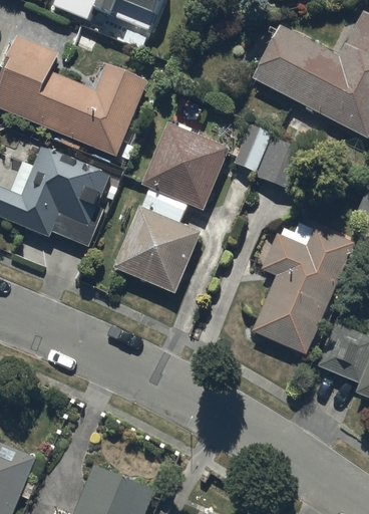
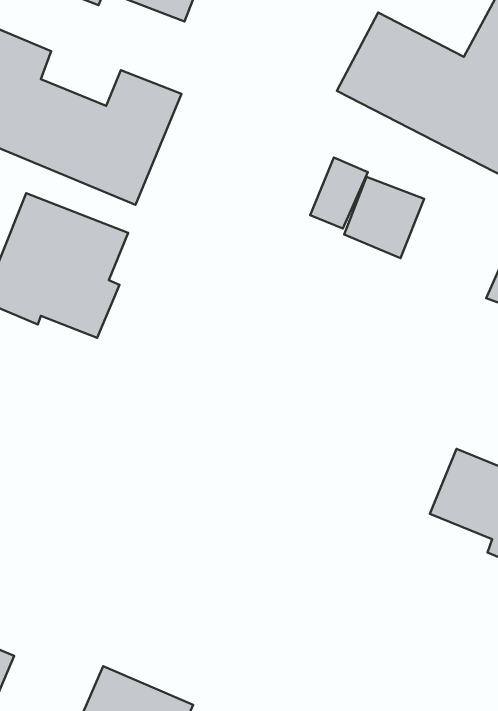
building: [115,122,230,293] -> none
building: [252,227,355,355] -> none

